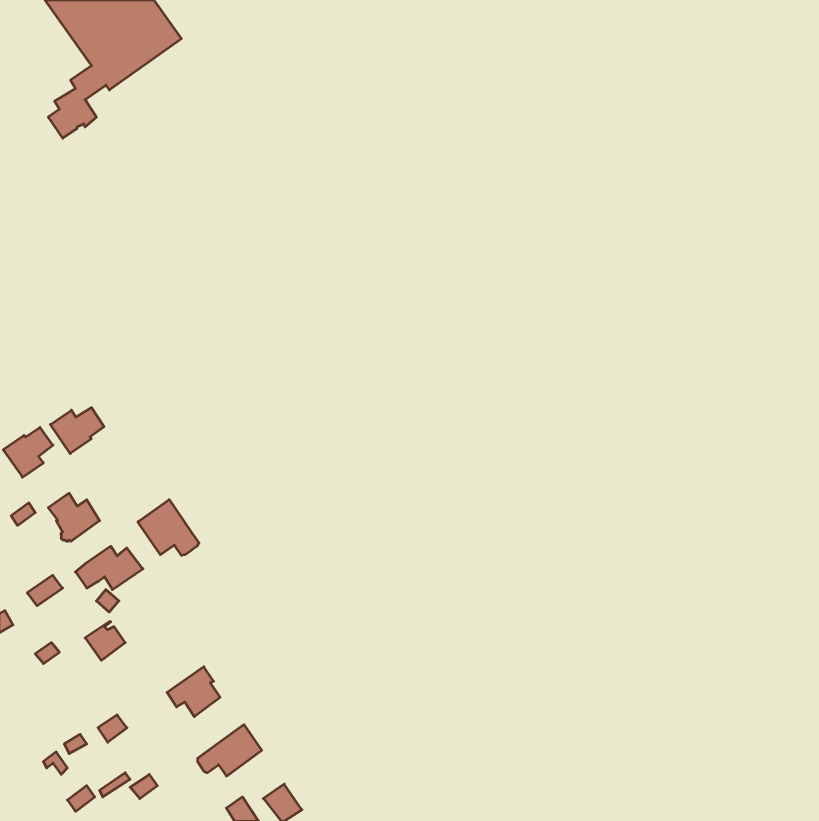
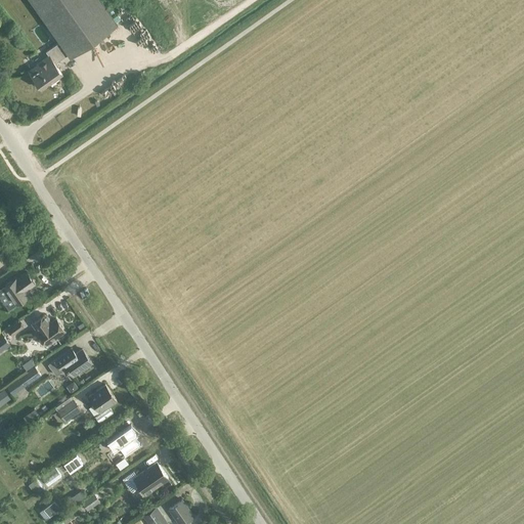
building: [50,408,104,454] -> none
building: [138,500,199,555] -> none
building: none -> [88,384,116,422]

